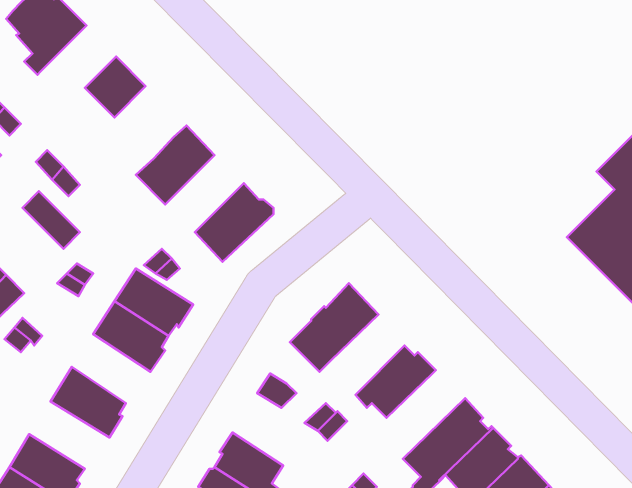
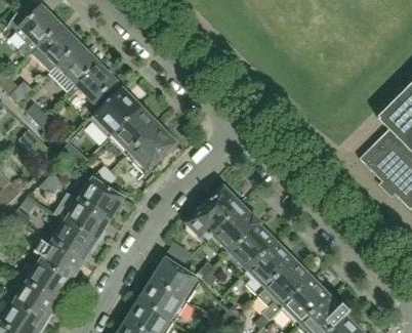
building: none -> [31,25,78,72]
building: none -> [77,63,116,108]
building: none -> [109,106,158,154]
building: none -> [212,205,260,255]
building: none -> [50,217,99,260]
building: none -> [245,242,296,295]
building: none -> [151,258,196,299]
building: none -> [24,259,74,301]

